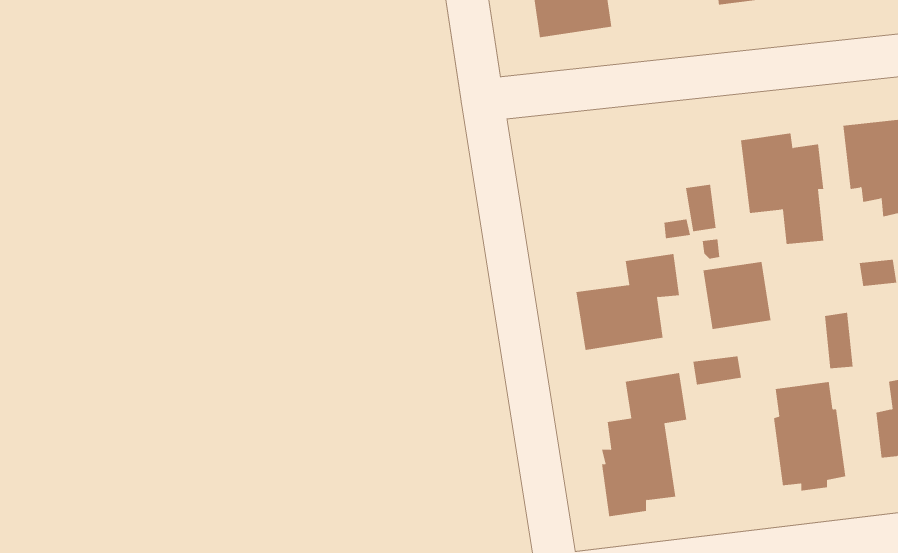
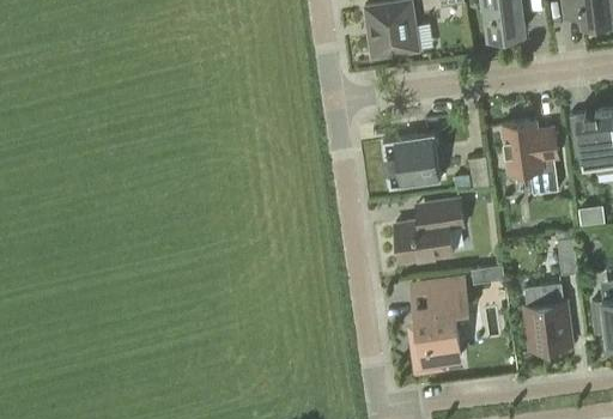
building: none -> [383,133,441,188]
building: [703,261,771,330] -> none

